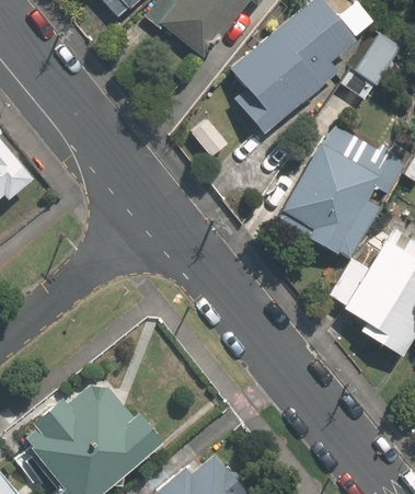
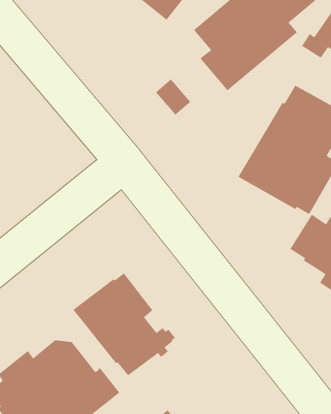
building: none -> [72,273,176,376]

